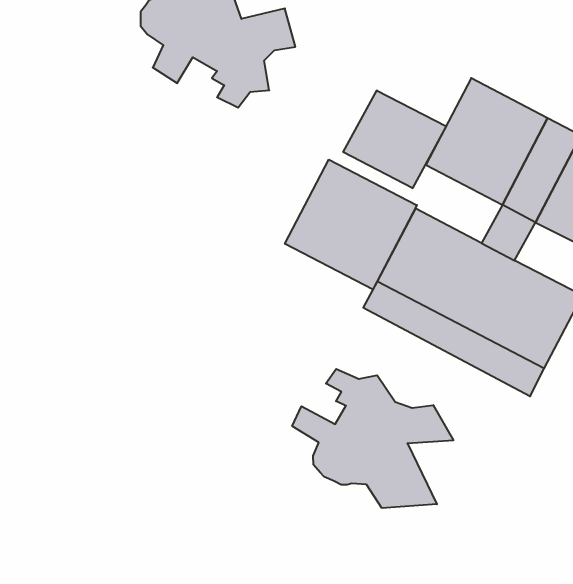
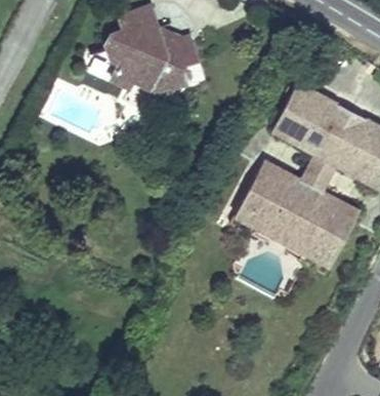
building: [343,90,446,188] -> none
building: [285,160,417,290] -> none
building: [292,369,453,508] -> none

